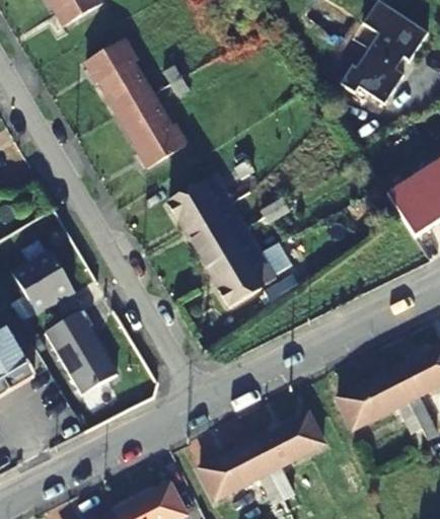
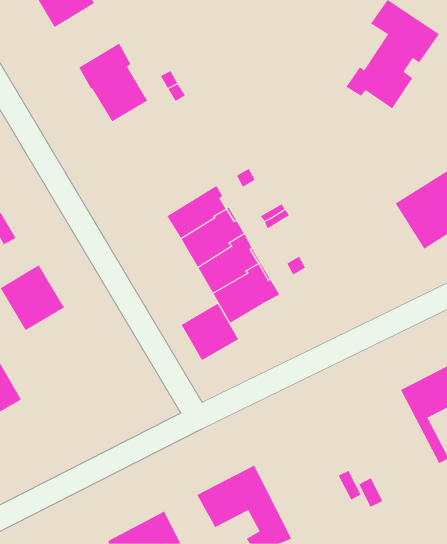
building: [118,90,186,167] -> none
building: none -> [181,303,239,361]
building: [45,309,117,395] -> none
building: [336,369,427,445] -> none
building: [252,412,323,500] -> none

